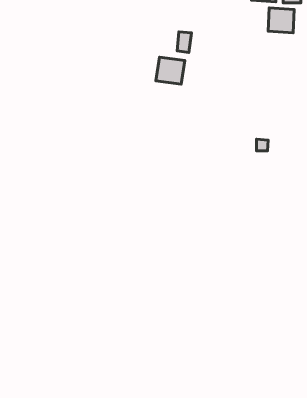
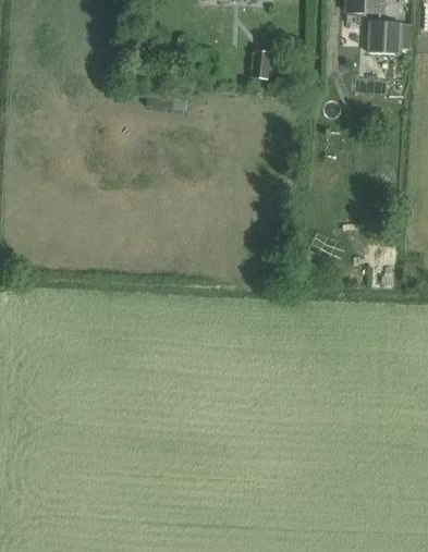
building: [156,57,185,84] -> none

